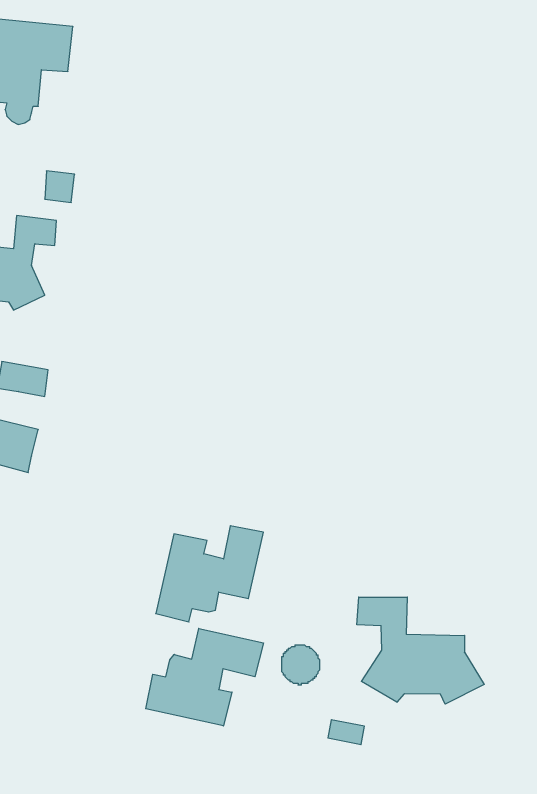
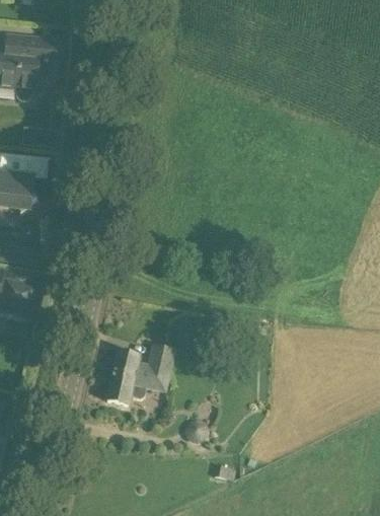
building: [357,597,484,704] -> none
building: [146,628,263,726] -> none

